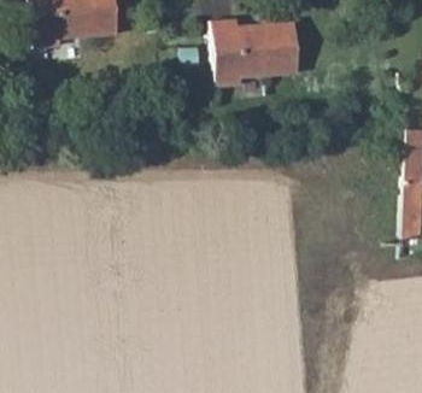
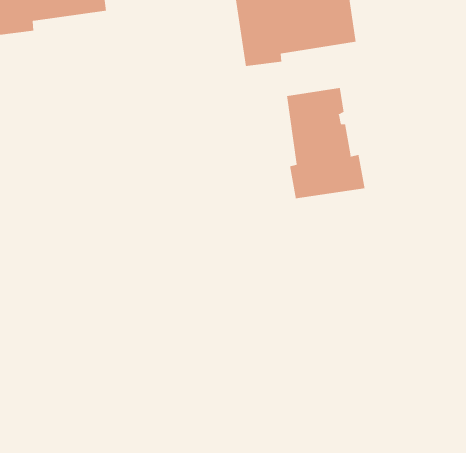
building: none -> [286,87,365,199]

